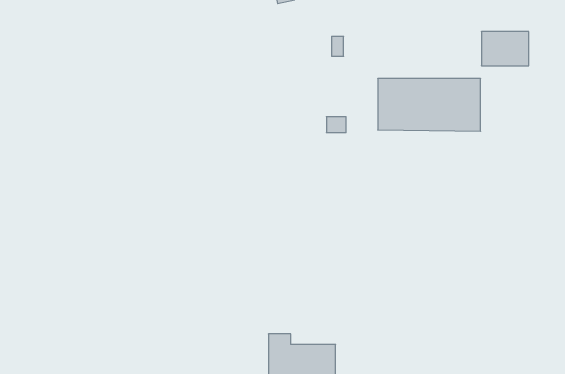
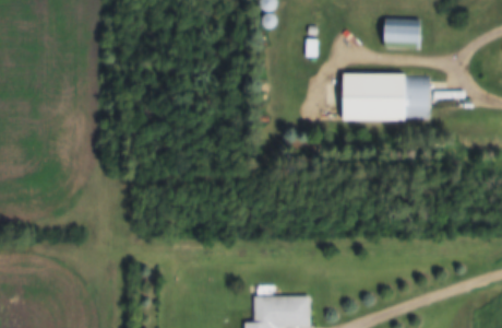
building: [481,32,529,66] -> [382,21,421,49]

